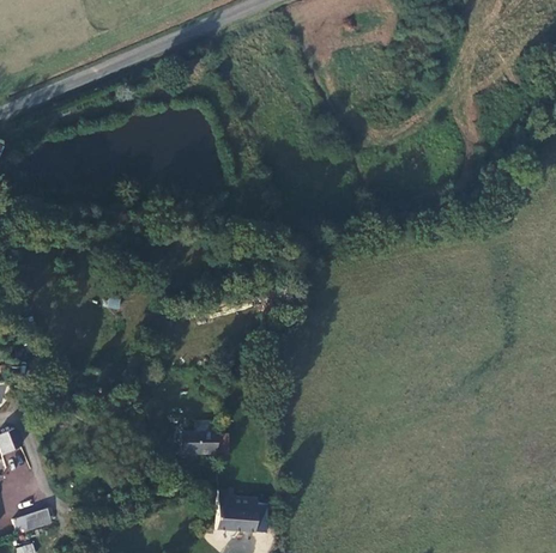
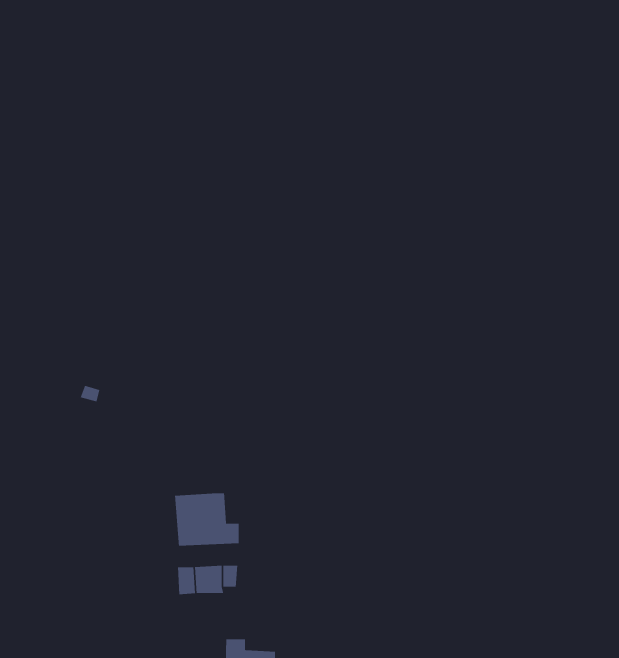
building: none -> [174,493,239,546]

